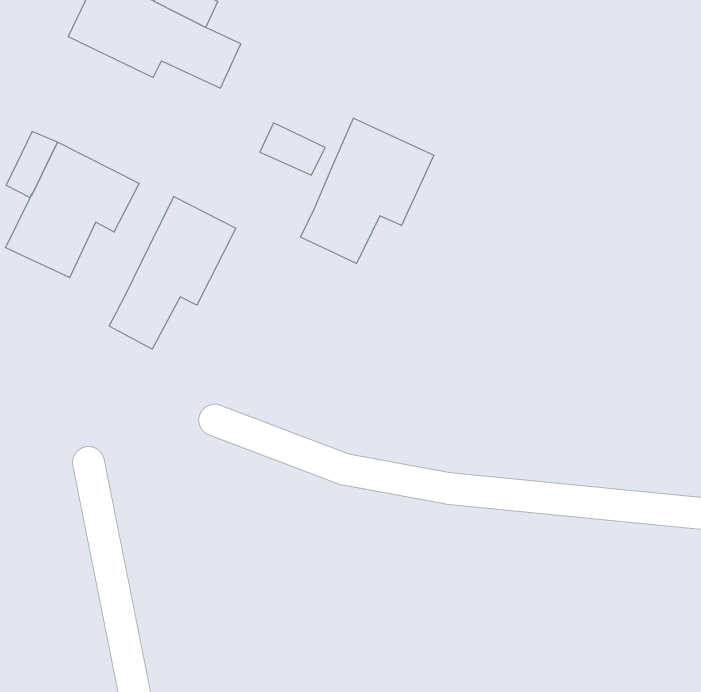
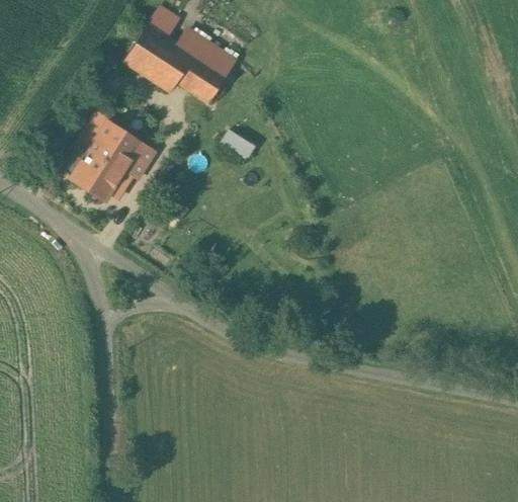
building: [301,118,434,264] -> none
building: [109,196,236,349] -> none

